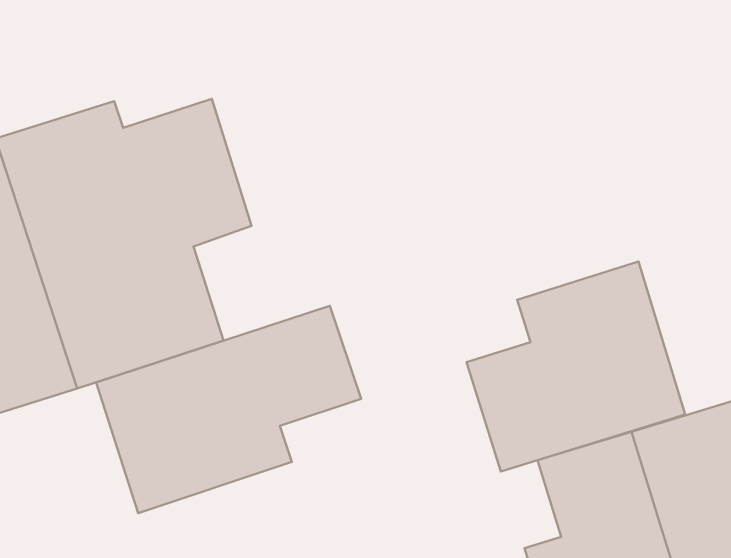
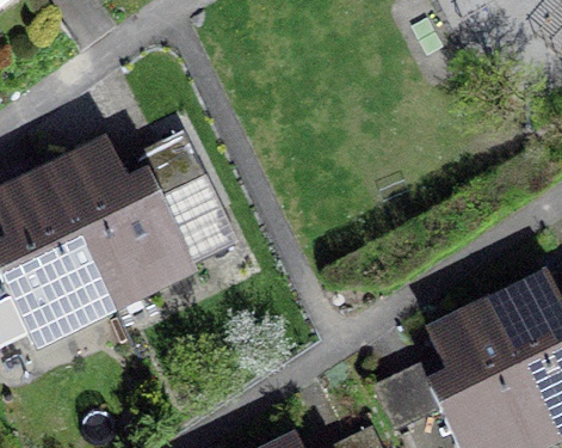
building: [467,262,685,471] -> none
building: [96,306,361,513] -> none

